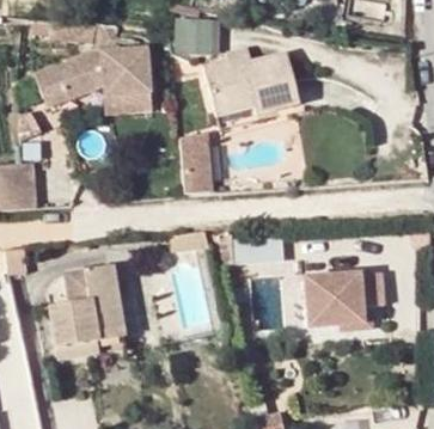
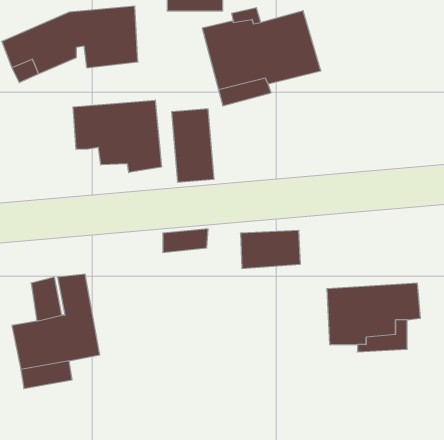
building: none -> [73,100,161,173]

